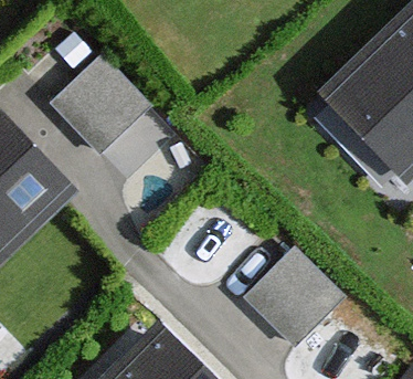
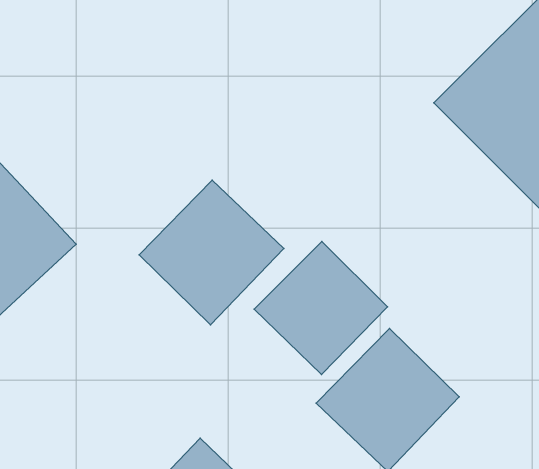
building: [44,57,145,158] -> [139,180,284,325]
building: none -> [254,241,387,374]

